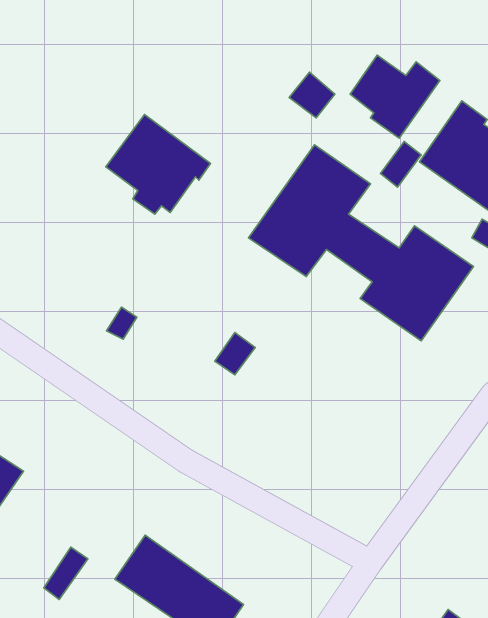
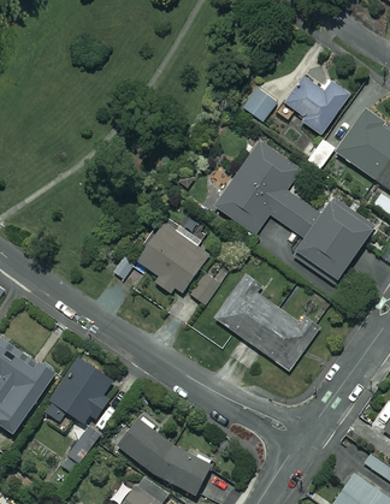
building: [106,114,211,214] -> [136,221,211,292]
building: none -> [214,272,320,370]
building: none -> [43,356,113,422]

